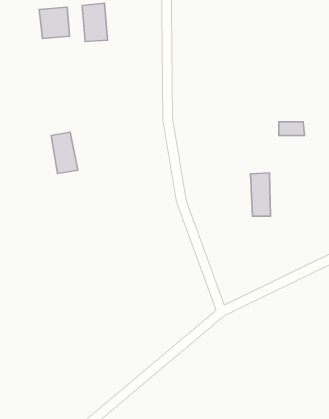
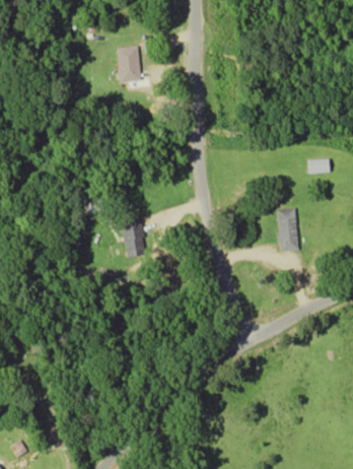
building: [39,7,70,38] -> none
building: [51,132,78,173] -> [120,217,145,257]

